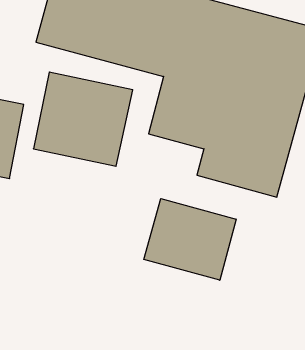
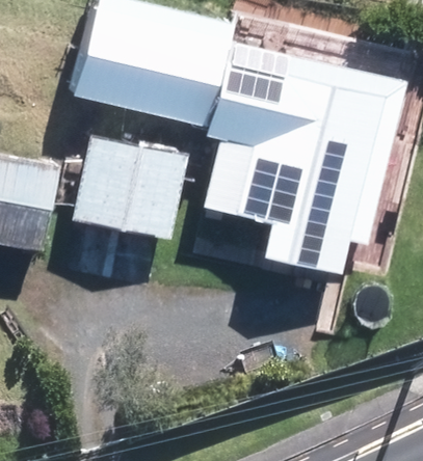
building: [144,199,236,280] -> none

